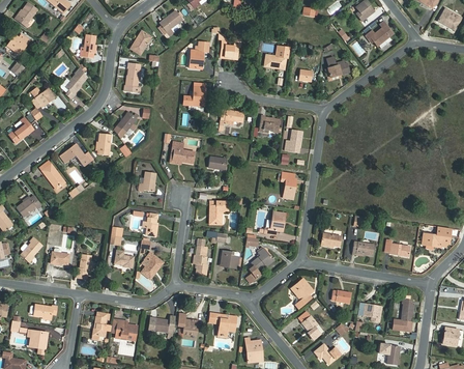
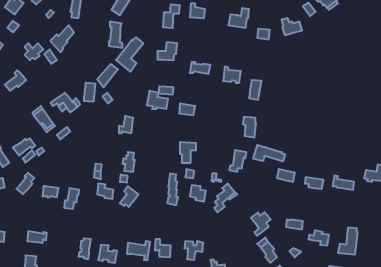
building: none -> [116,37,143,72]
building: none -> [253,145,285,161]

